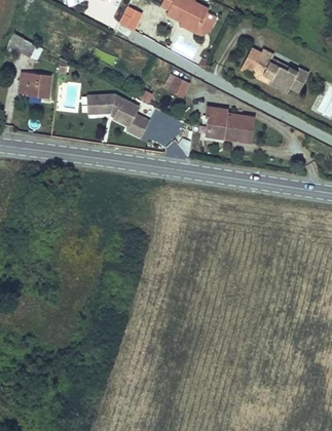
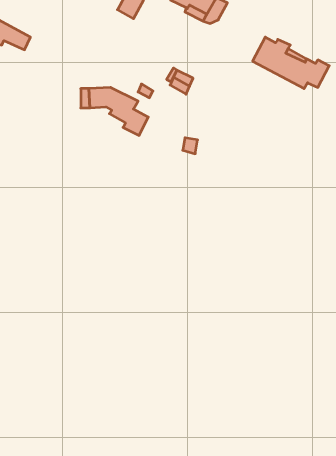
building: [21,73,50,96] -> none
building: [207,107,253,142] -> none

